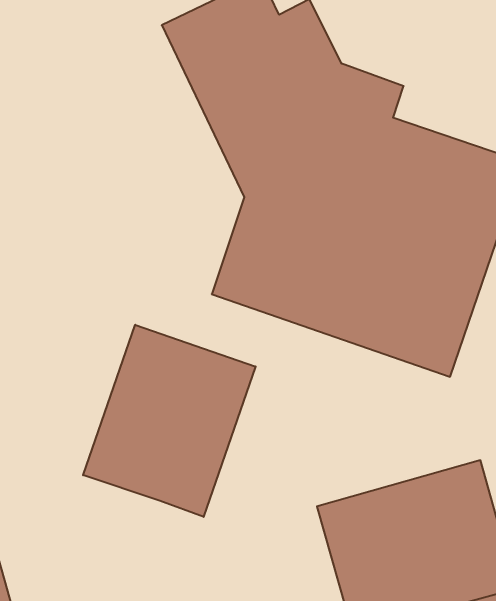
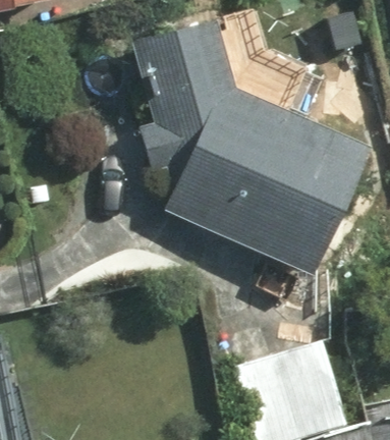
building: [83,325,256,517] -> none

